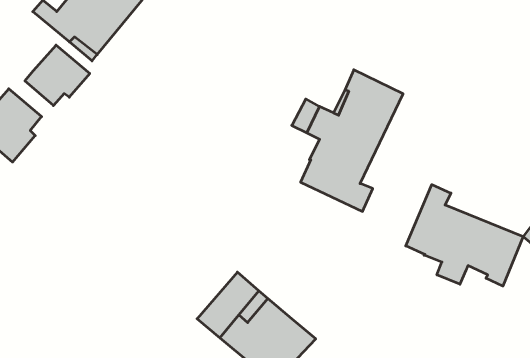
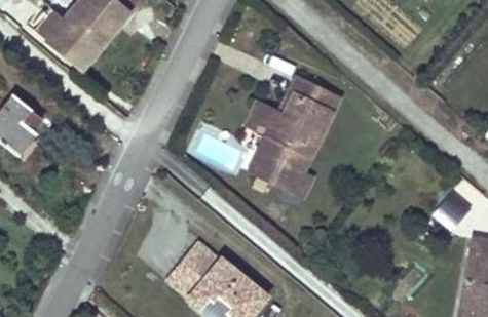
building: [25,45,90,106] -> none
building: [406,185,523,286] -> none

